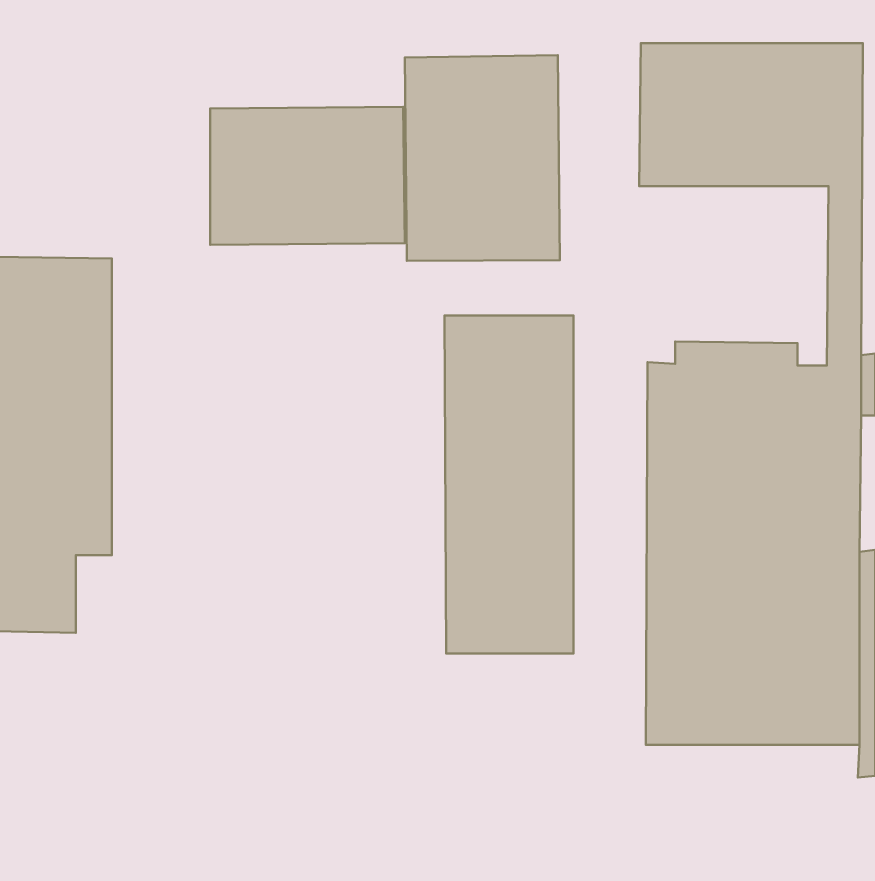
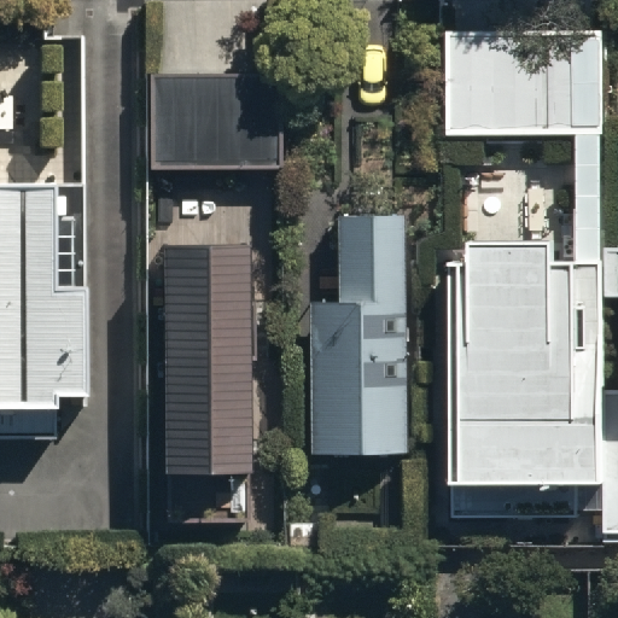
building: [405,55,560,261] -> none
building: none -> [161,243,253,521]

